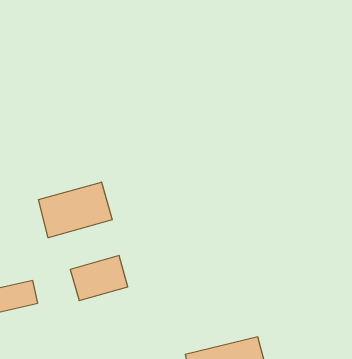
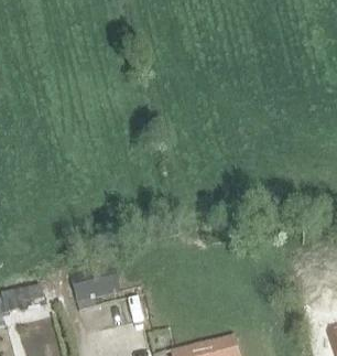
building: [38,182,112,238] -> none

